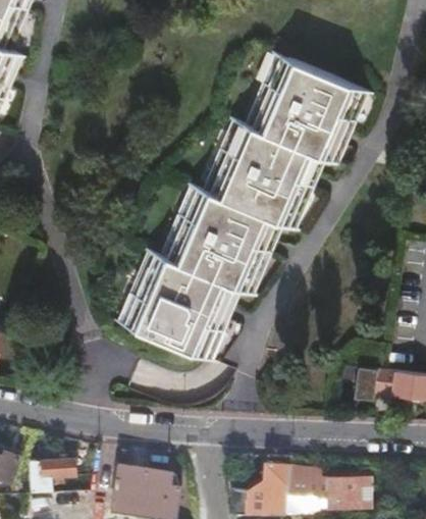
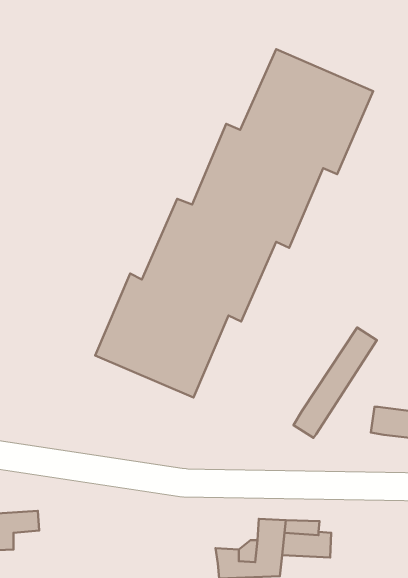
building: none -> [294,328,377,438]
building: [112,465,179,512] -> none
building: [328,477,372,509] -> none

